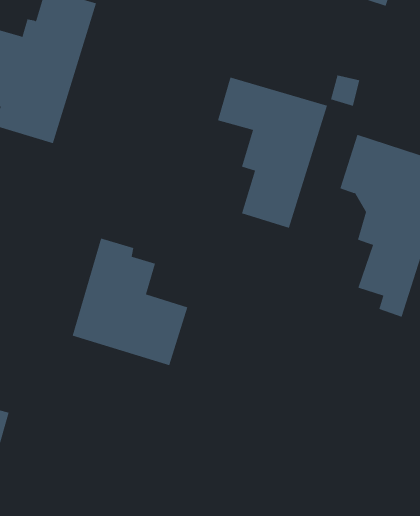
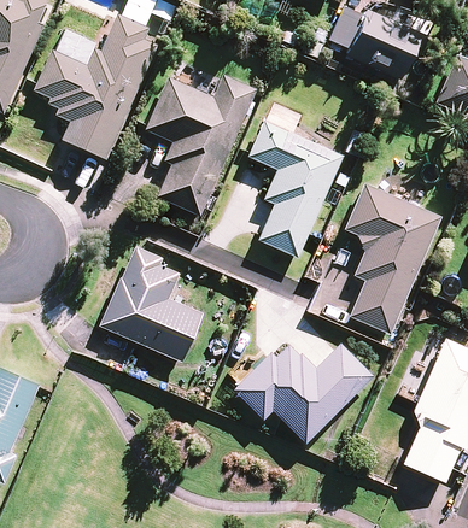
building: none -> [147,76,256,215]
building: none -> [233,341,374,441]

